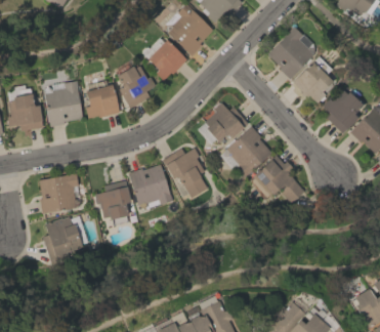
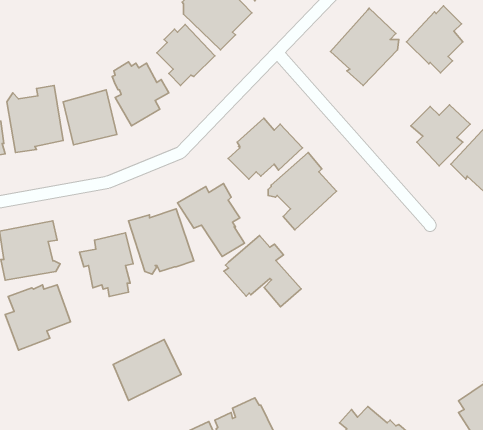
building: [293,58,332,105] -> [406,6,463,73]
building: [252,156,305,205] -> [224,235,301,307]
building: none -> [113,340,181,401]

